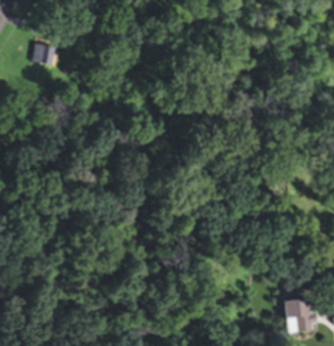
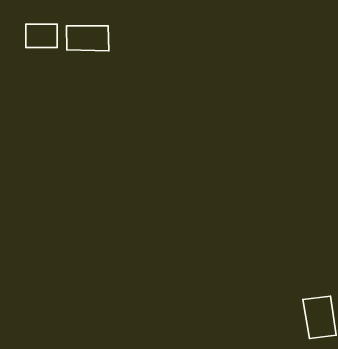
building: none -> [66,26,109,51]

